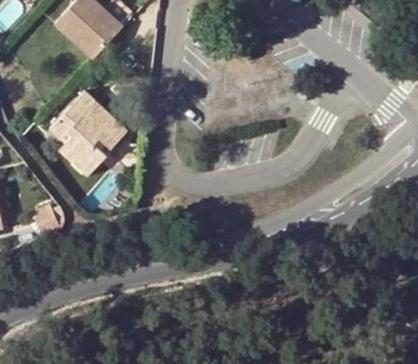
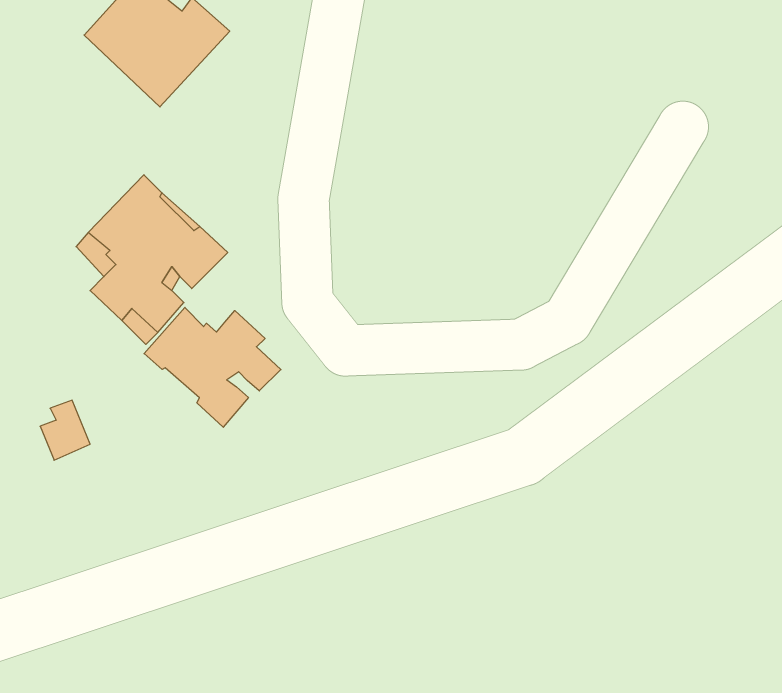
building: none -> [144,307,281,427]

